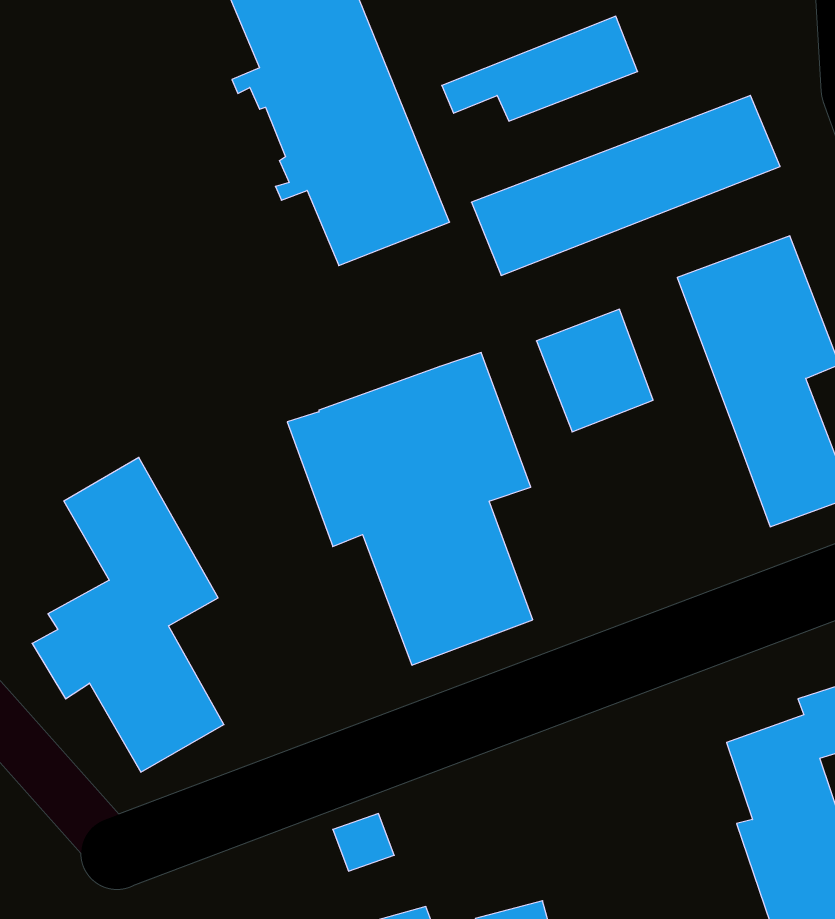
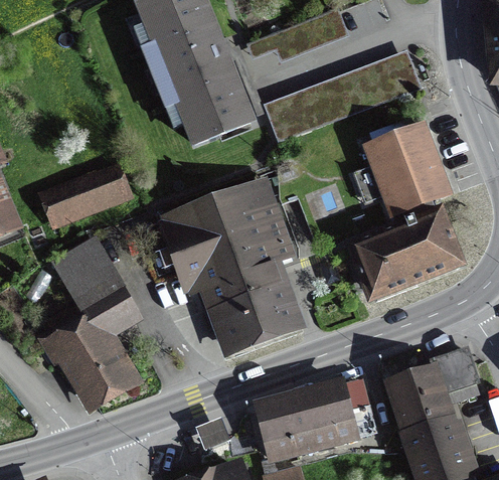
building: none -> [43,162,130,222]
building: [536,309,653,432] -> [355,226,414,289]
building: none -> [260,376,372,456]

